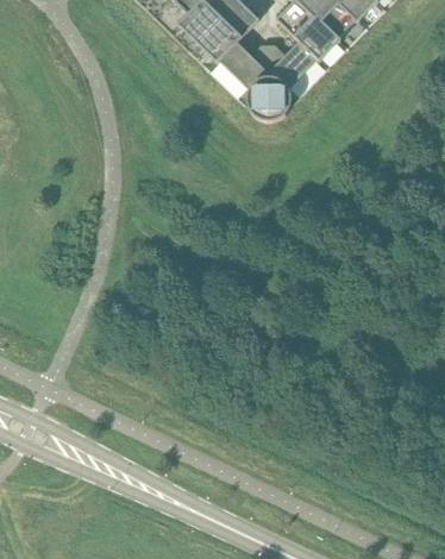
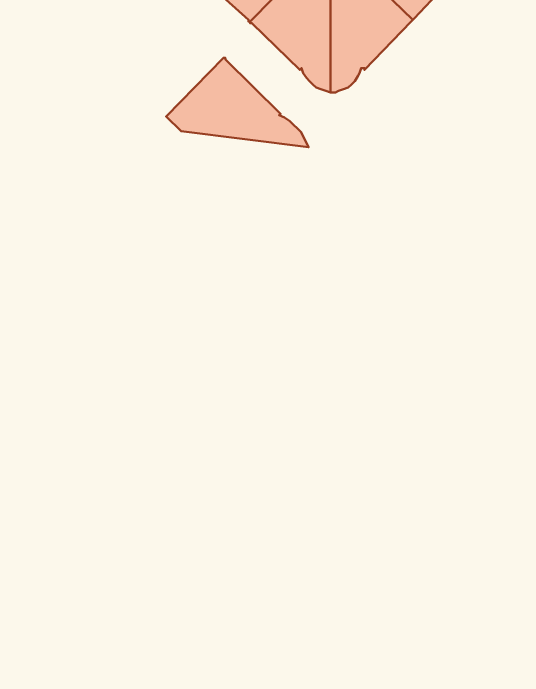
building: none -> [166,58,309,147]

